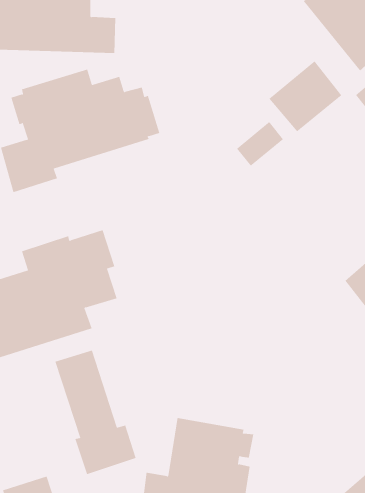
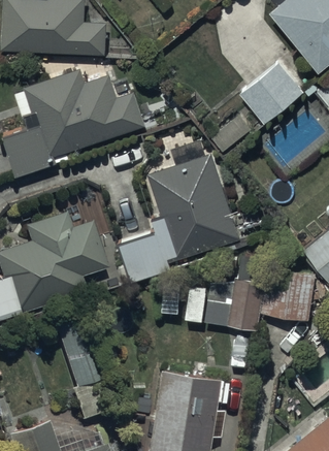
building: none -> [120,151,241,281]
building: none -> [204,255,317,332]

